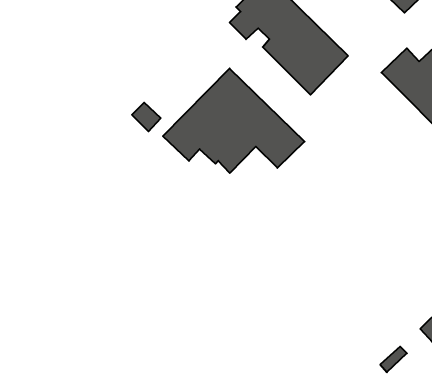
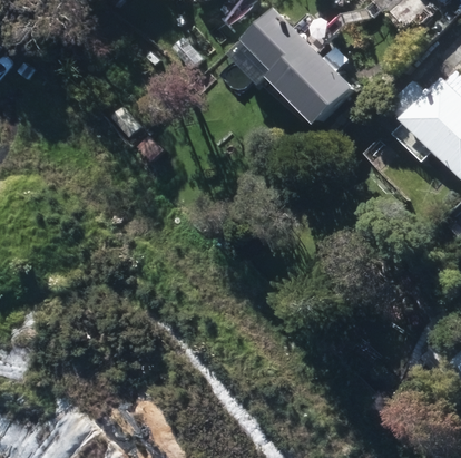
building: [163,68,305,173] -> none

